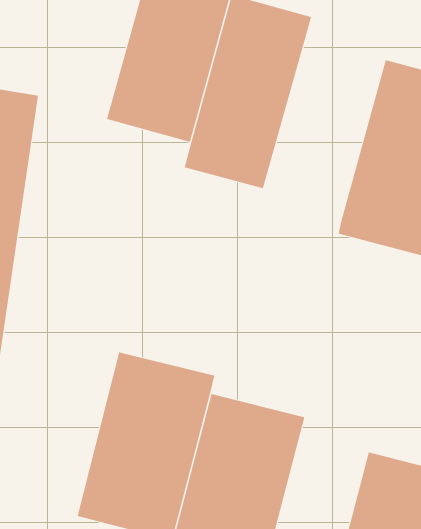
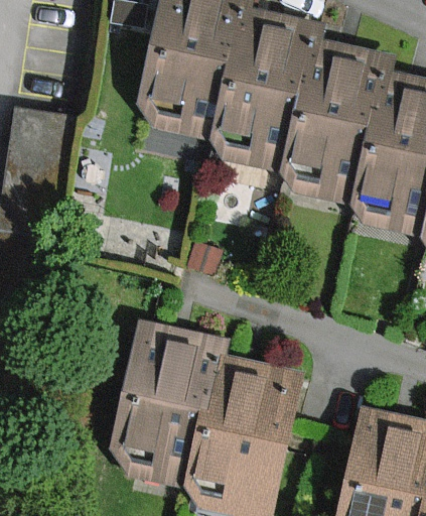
building: none -> [271,32,384,206]

